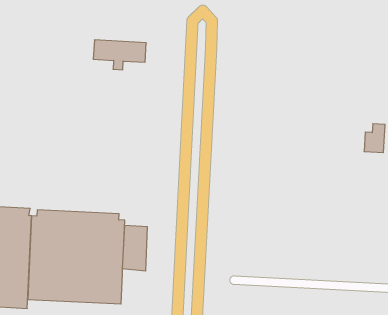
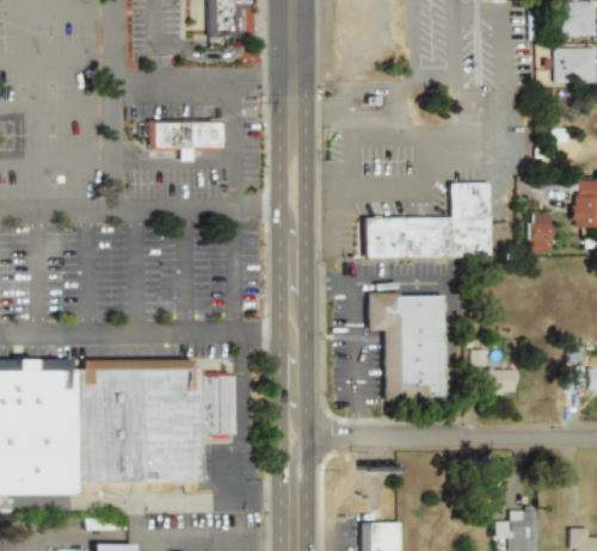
building: none -> [363,182,491,259]
building: none -> [368,293,448,401]
building: none -> [487,365,517,398]

